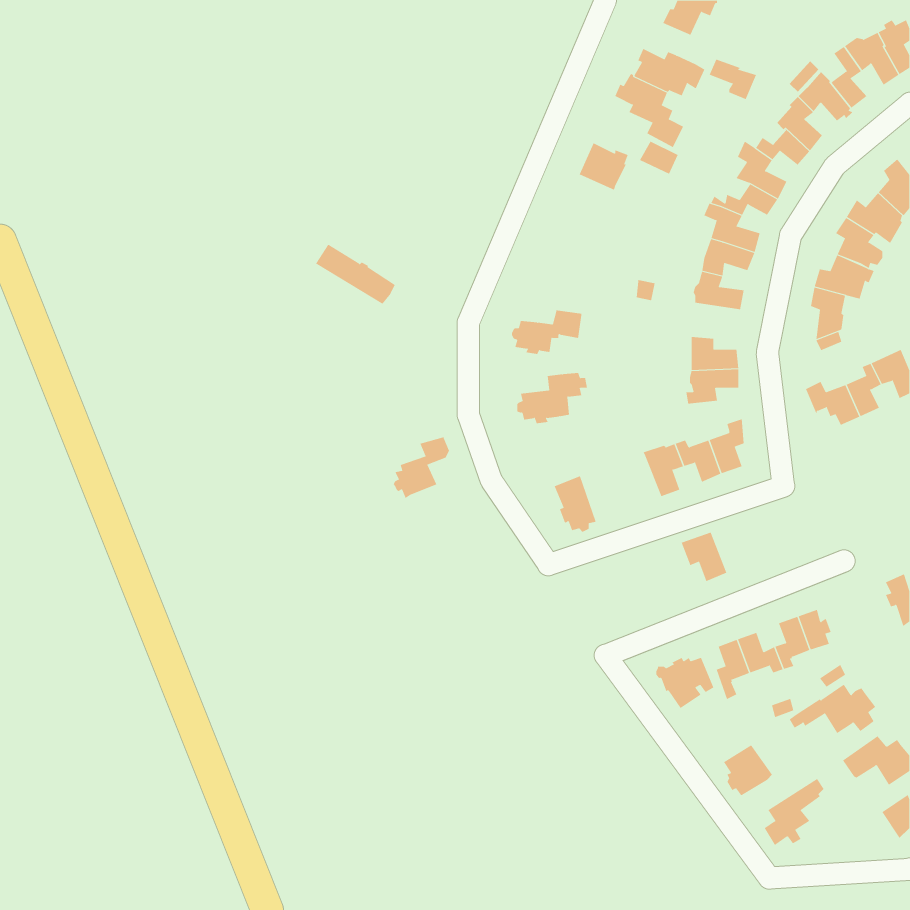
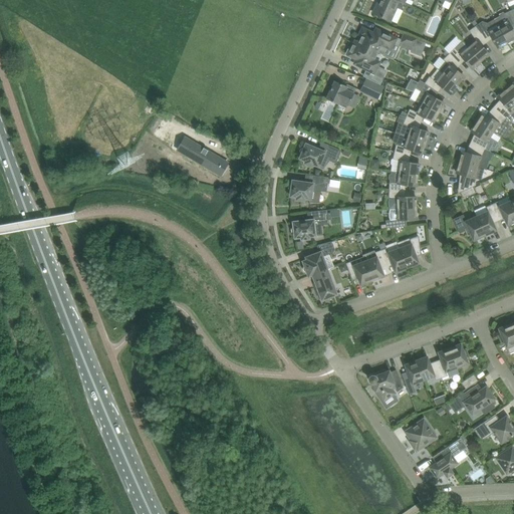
building: none -> [300,143,340,166]
building: none -> [389,171,418,191]
building: [393,437,450,499] -> [302,241,334,276]
building: [681,532,727,582] -> [346,257,372,285]

